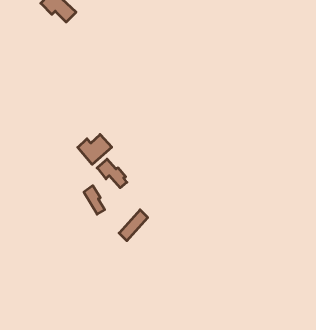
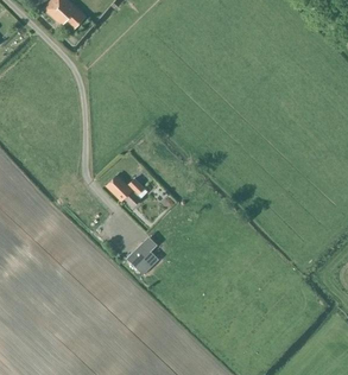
building: [78,134,112,164] -> none

